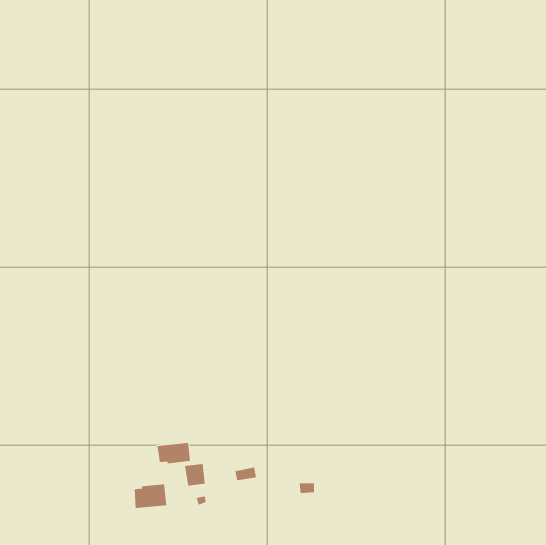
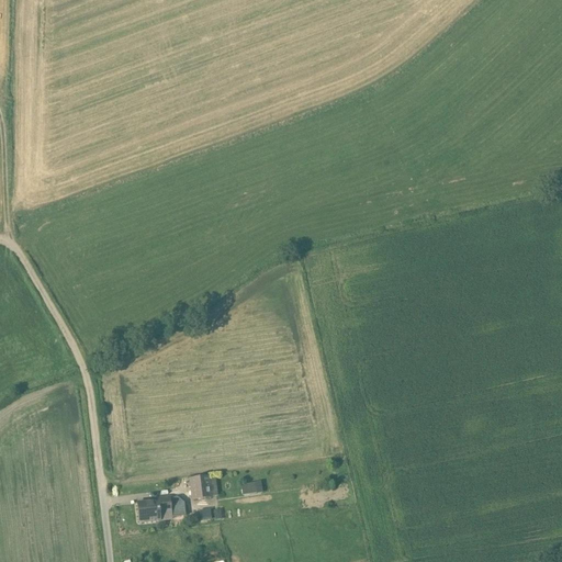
building: [157,442,191,464] -> none

